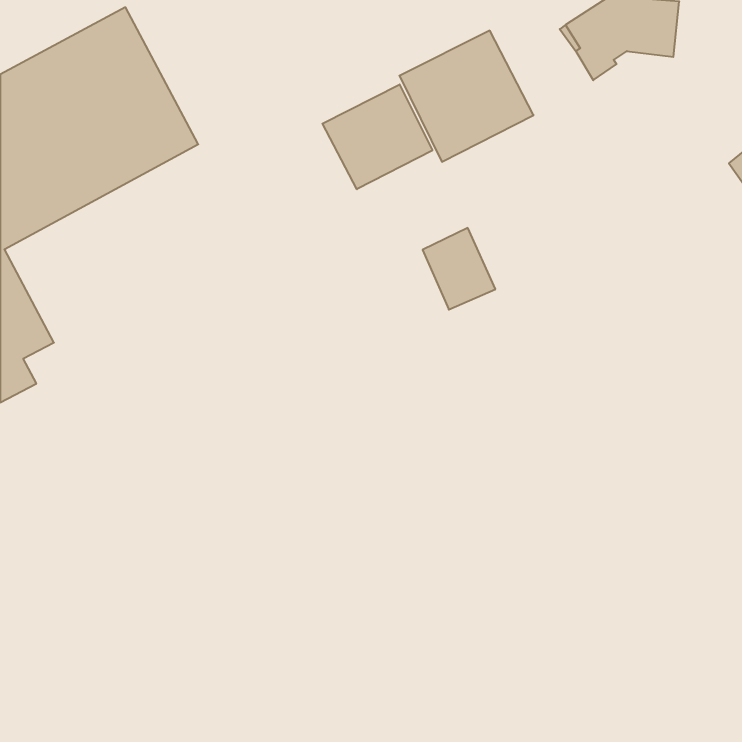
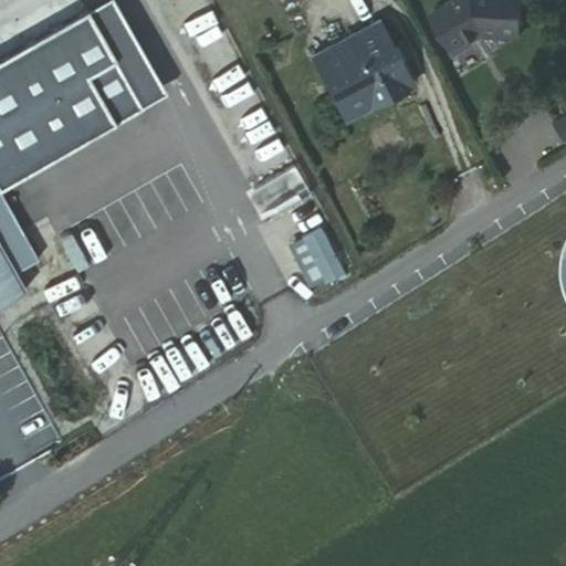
building: [322,84,432,189] -> none
building: [423,228,495,310] -> [289,222,344,284]

